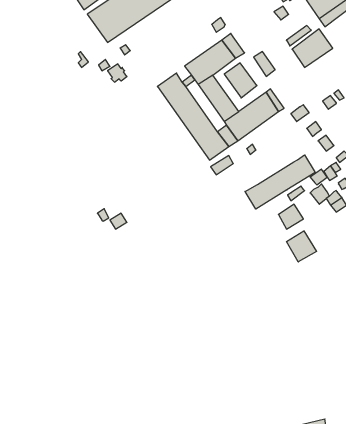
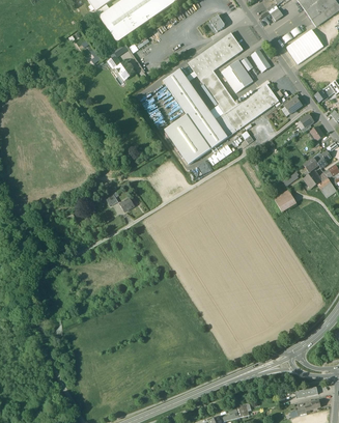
building: none -> [164,113,210,164]
building: [245,155,315,209] -> none
building: [287,231,317,262] -> none

